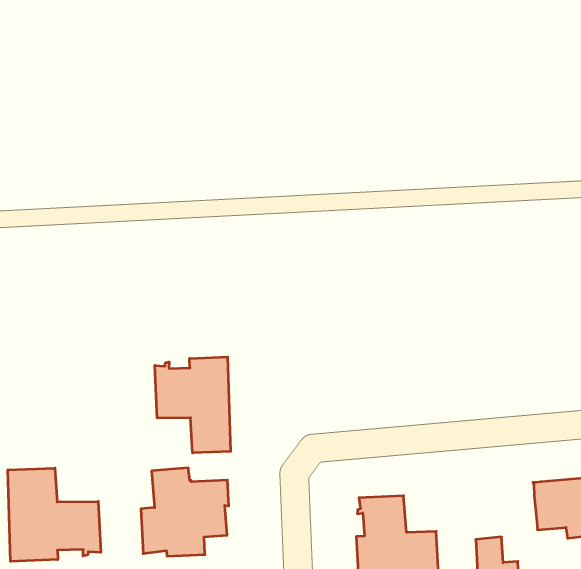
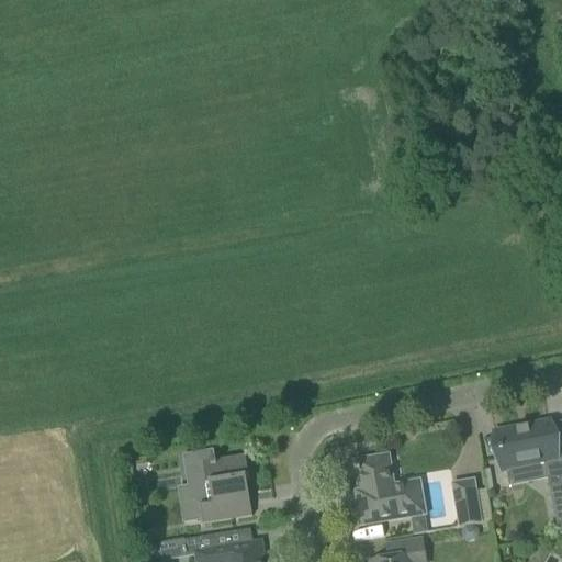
building: [155,357,231,453] -> none
building: [8,468,101,561] -> none

